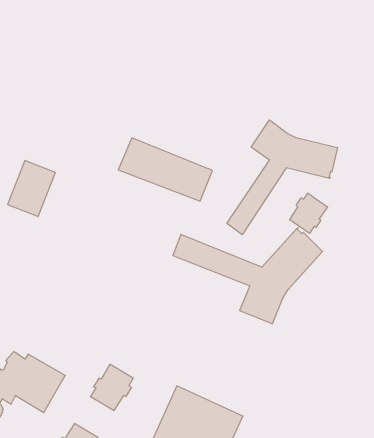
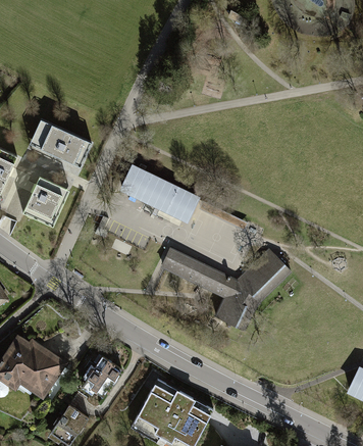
building: none -> [33,121,91,166]
building: [227,120,338,235] -> none
building: [290,193,328,233] -> none

